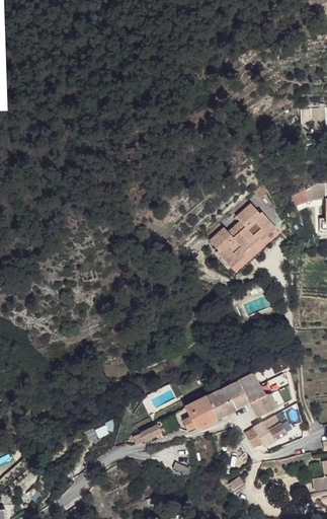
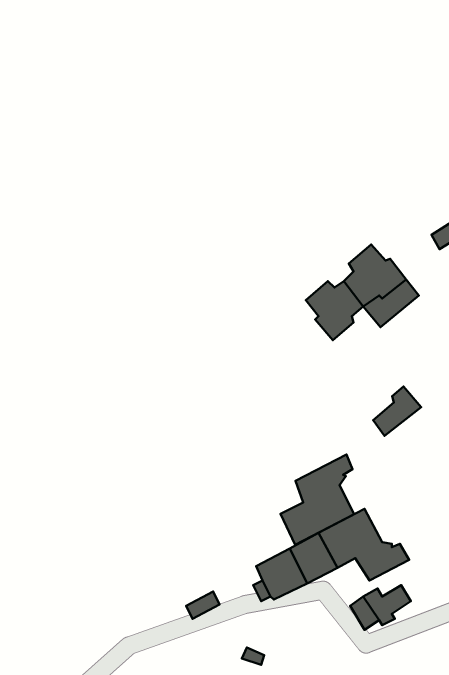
building: [231,242,261,274] -> [373,387,421,436]
building: none -> [280,455,354,545]

